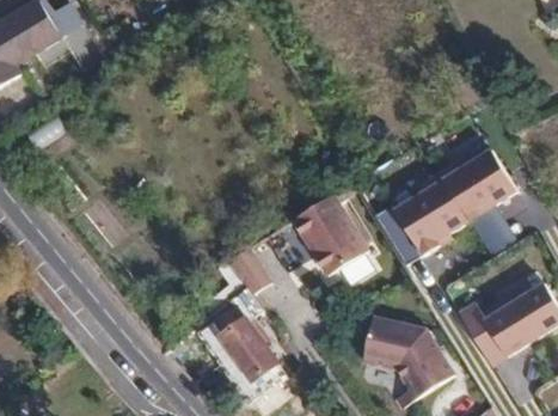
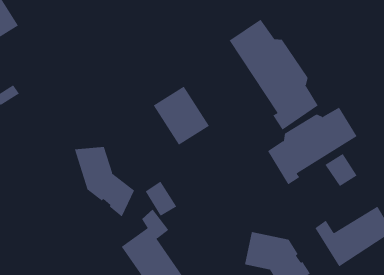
building: none -> [229,19,319,131]
building: [289,192,366,273] -> [153,86,210,146]
building: none -> [74,146,135,217]

